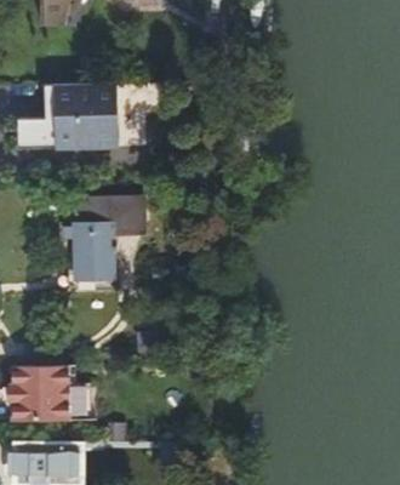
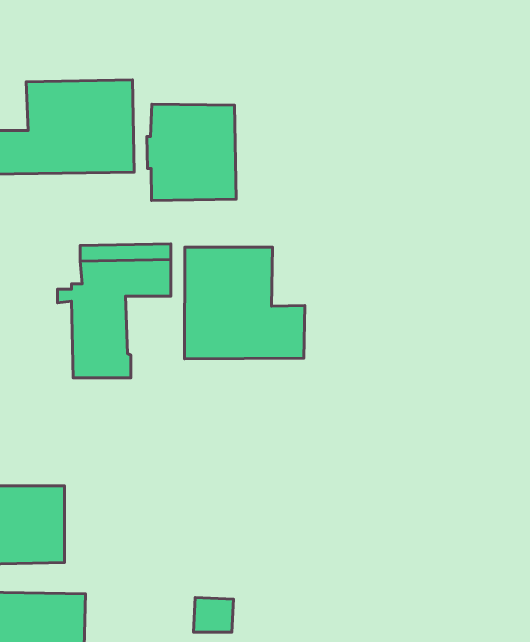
building: none -> [147,104,236,200]
building: none -> [185,247,305,359]

